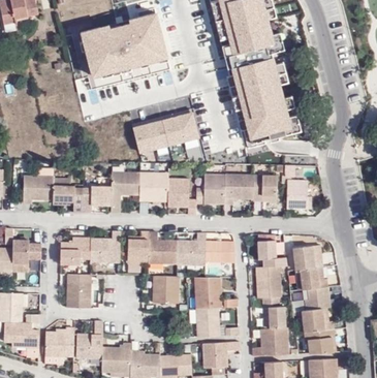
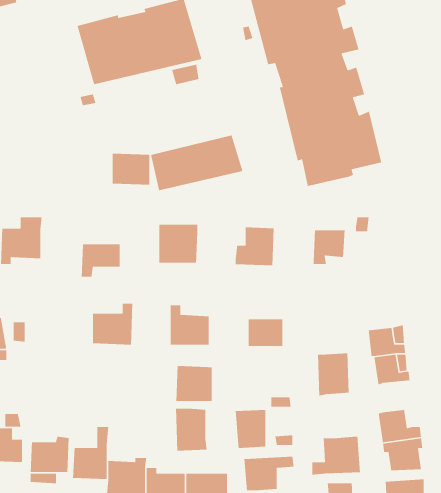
building: [112,172,139,196] -> [112,153,150,185]
building: [223,177,253,204] -> none
building: [167,180,195,216] -> none
building: [284,183,306,212] -> none
building: [54,186,84,213] -> none
building: [127,232,148,266] -> none
building: [177,233,206,265] -> none
building: [255,235,285,269] -> none
building: [61,239,91,266] -> none
building: [67,275,93,309] -> none
building: [194,278,218,310] -> [175,408,208,452]
building: [302,288,327,311] -> none
building: [262,297,284,329] -> none

